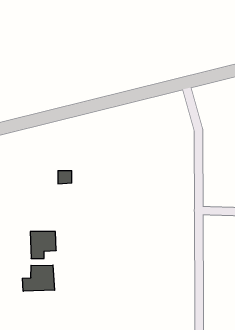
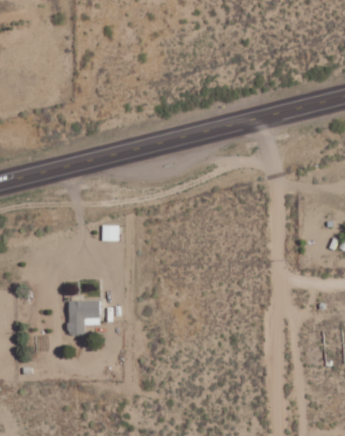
building: [22,265,55,291] -> none

